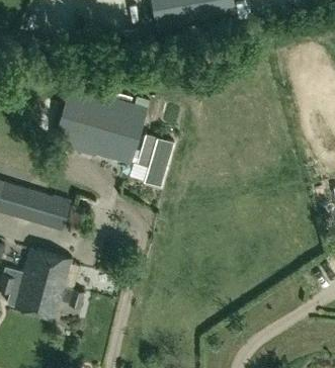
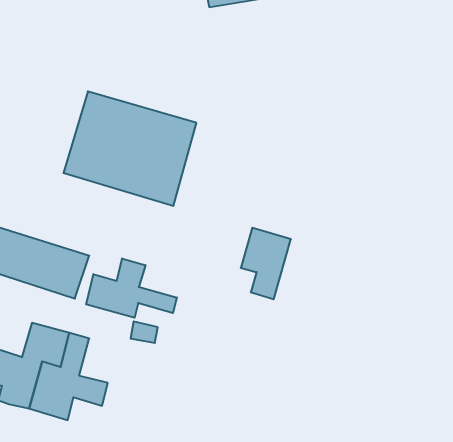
building: [137,134,172,185] -> [241,228,291,299]
building: none -> [86,258,177,318]

